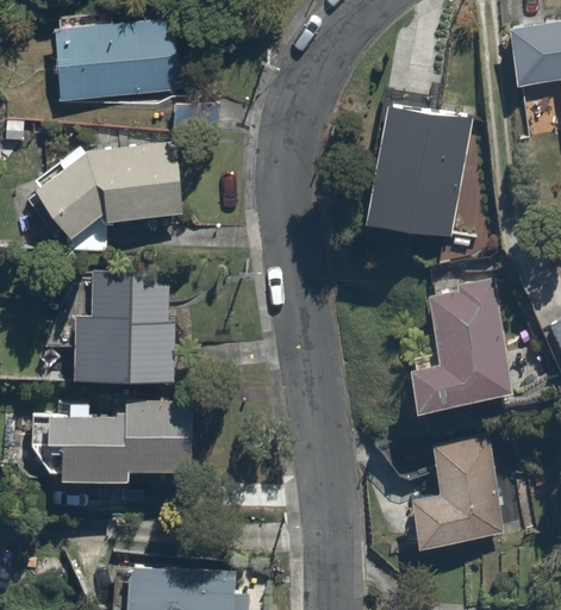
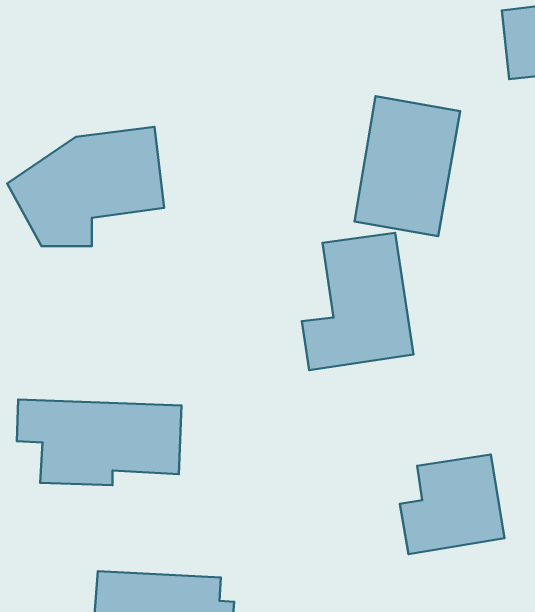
building: [55,19,179,100] -> none
building: [71,273,173,382] -> none
building: [407,284,516,417] -> [302,233,413,370]

